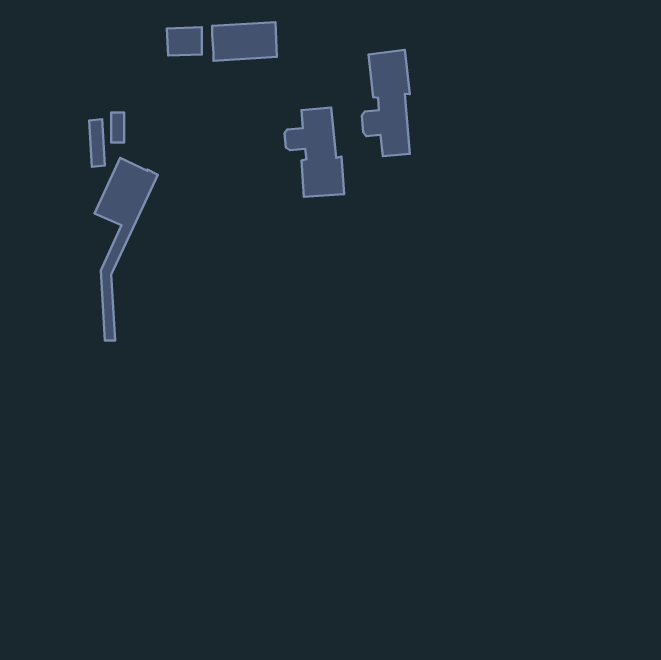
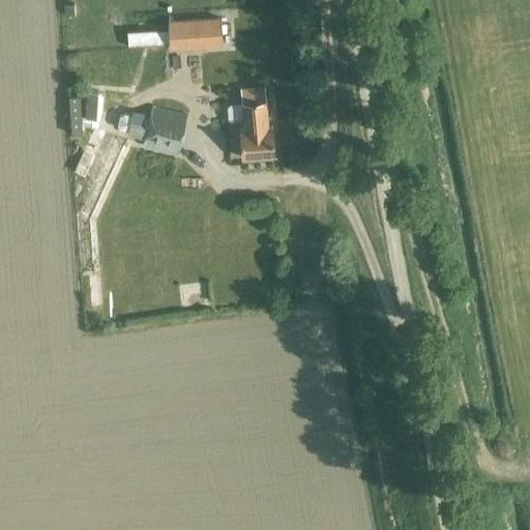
building: [362,50,410,156] -> none
building: none -> [119,108,187,154]

